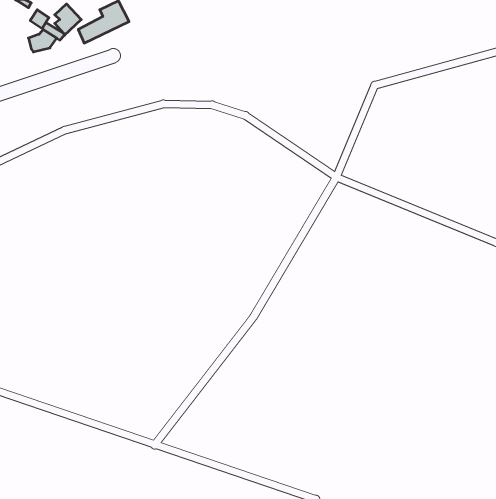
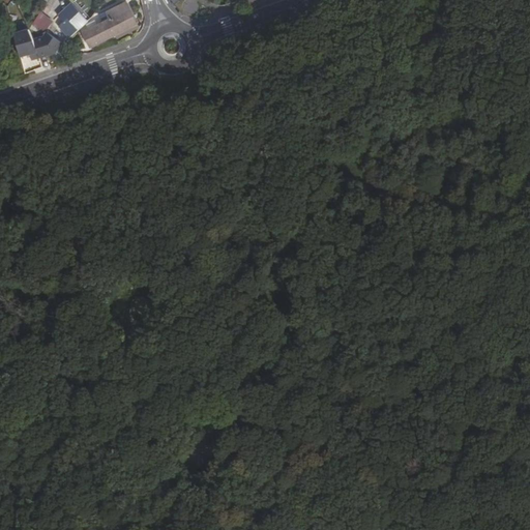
building: none -> [10,29,33,57]

